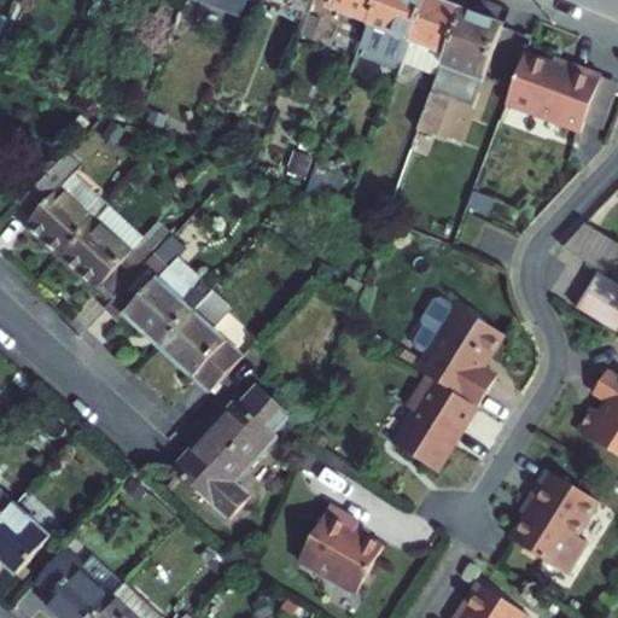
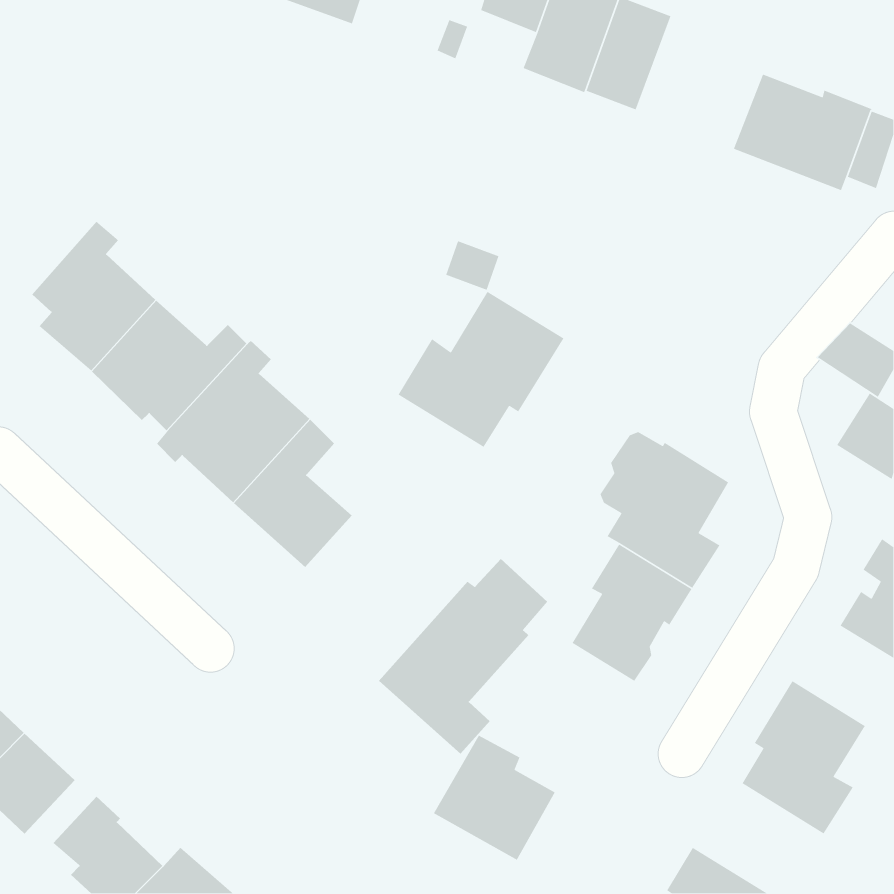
building: [418,11,503,136] -> none
building: none -> [398,291,565,448]
building: [173,385,290,520] -> [378,558,548,754]

